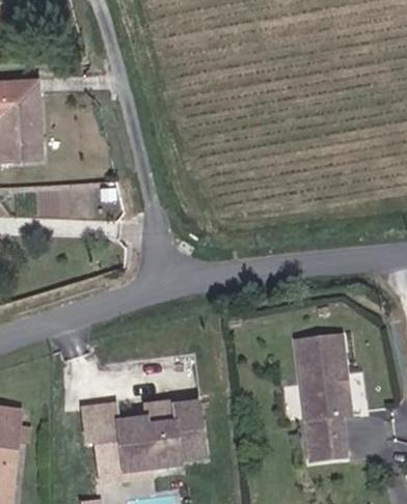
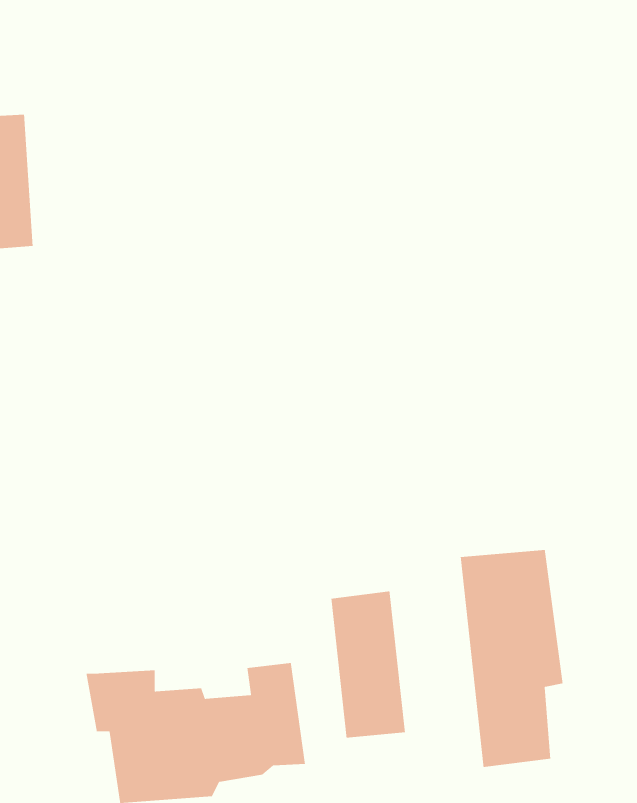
building: none -> [331,590,406,739]

